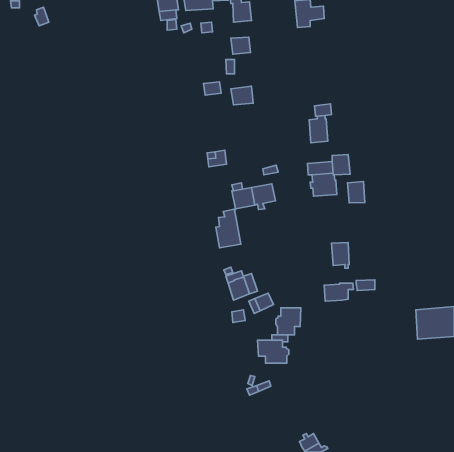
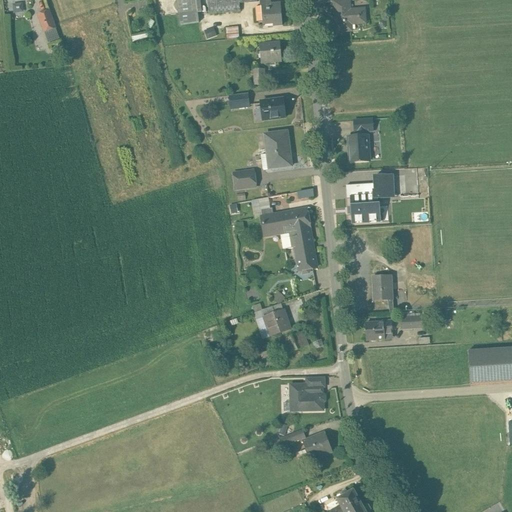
building: none -> [261,130,291,168]
building: [347,181,365,203] -> none
building: [216,209,241,248] -> [288,226,316,270]
building: [276,308,301,335] -> none
building: none -> [302,431,331,460]

